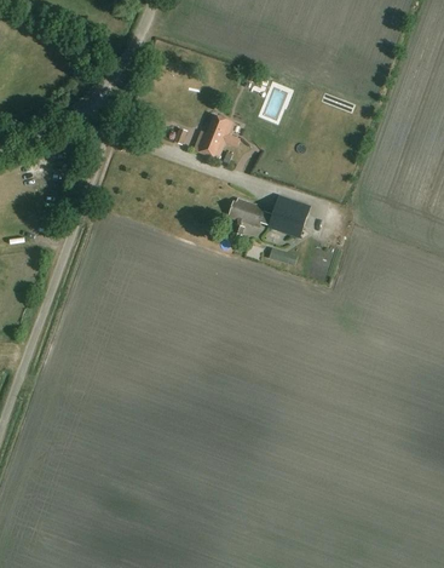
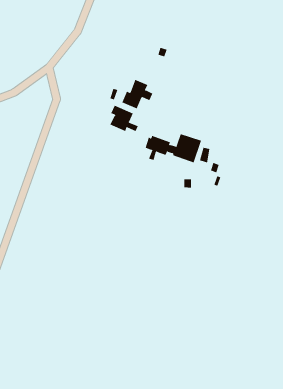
building: none -> [109,105,138,132]

